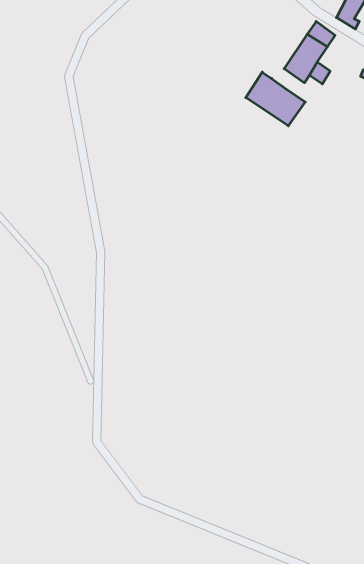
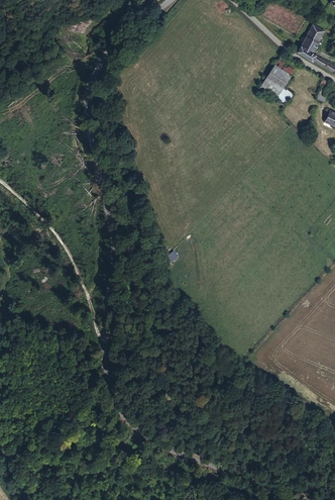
building: [246,72,305,126] -> none

